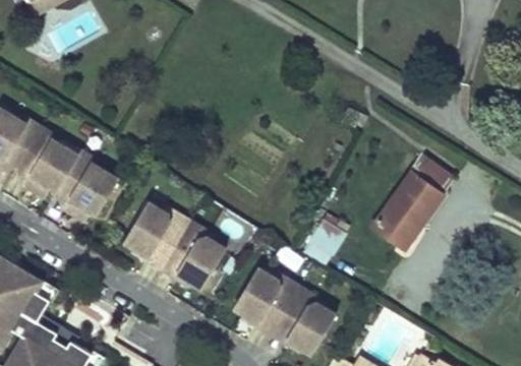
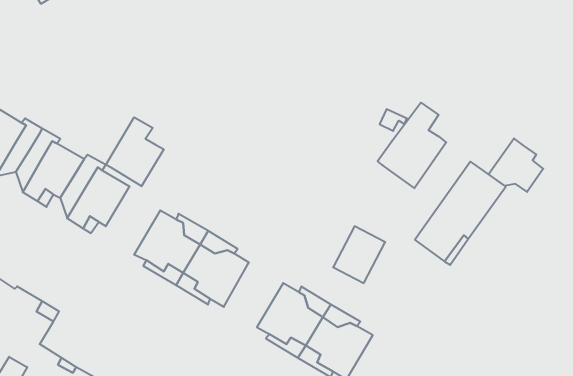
building: none -> [378,103,446,188]
building: none -> [106,117,164,186]
building: none -> [489,138,543,192]

